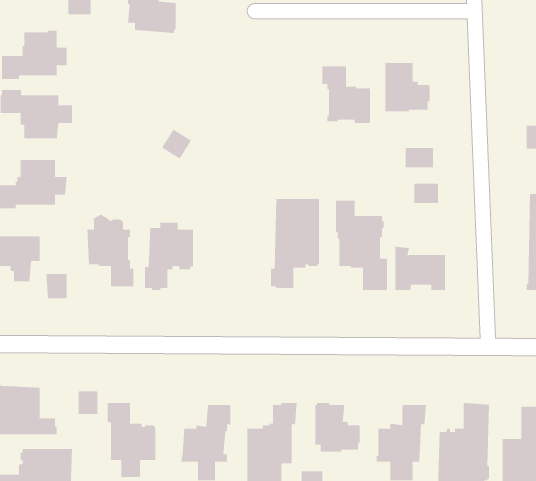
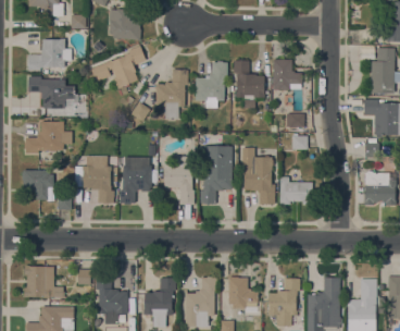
building: none -> [90,46,146,88]
building: none -> [195,61,227,108]
building: none -> [155,70,187,120]
building: none -> [164,156,195,205]

